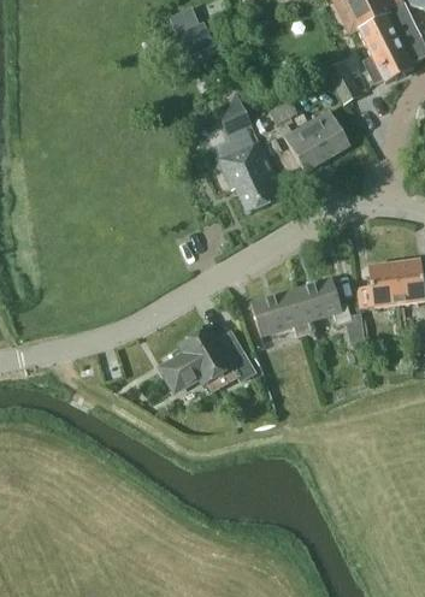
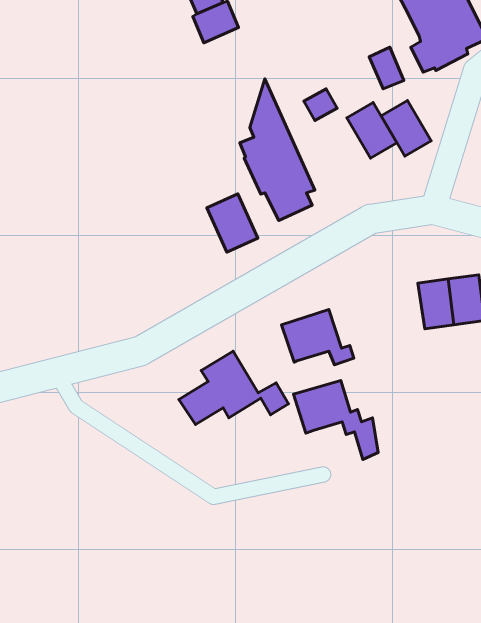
building: [284,124,327,172] -> [381,100,431,156]
building: none -> [207,194,258,252]
building: [291,278,365,347] -> [293,380,378,459]

